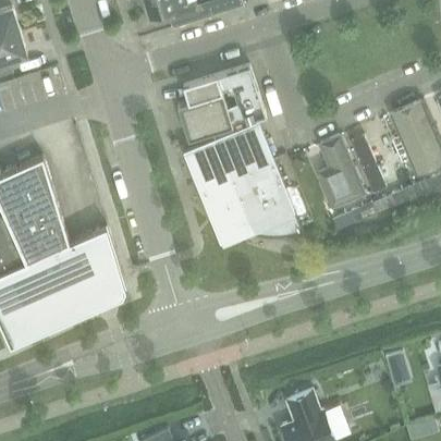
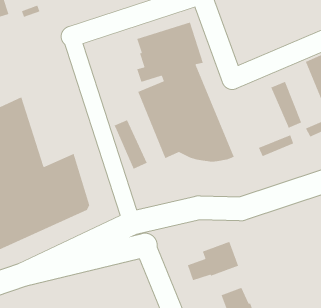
building: [320,140,368,211] -> none
building: none -> [114,119,148,170]
building: none -> [187,241,239,281]

